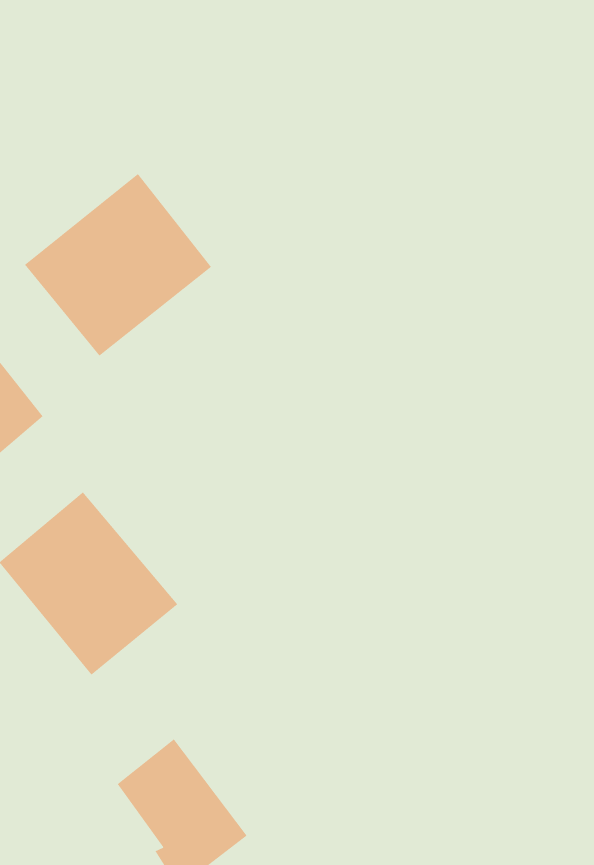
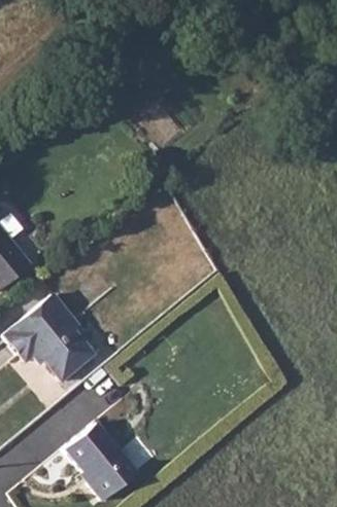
building: [24,173,212,356] -> none

